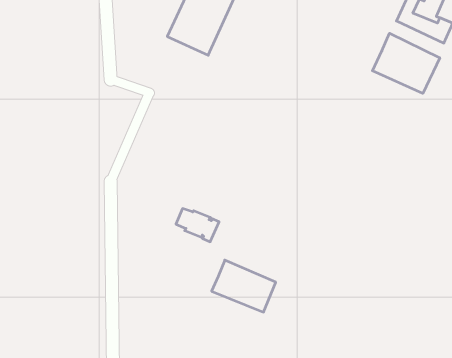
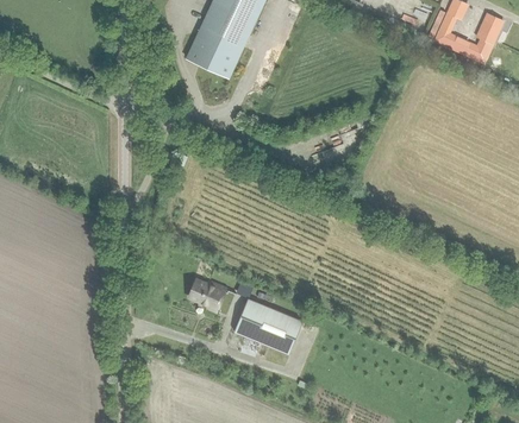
building: [372,33,440,93] -> none
building: [176,209,219,242] -> [189,279,236,315]

